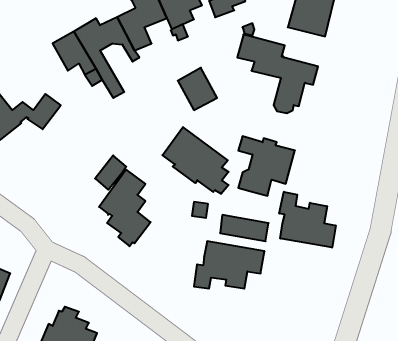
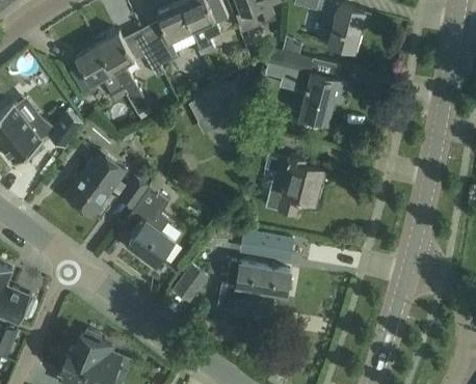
building: [162,127,229,194] -> none
building: none -> [68,153,127,217]
building: [279,192,336,248] -> none
building: none -> [173,265,210,303]

